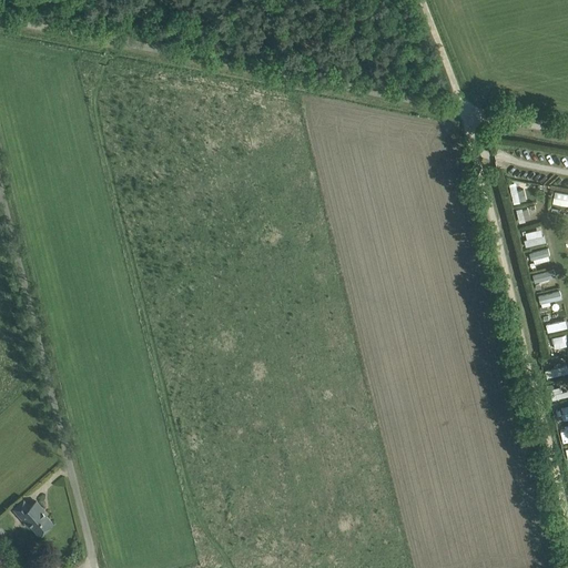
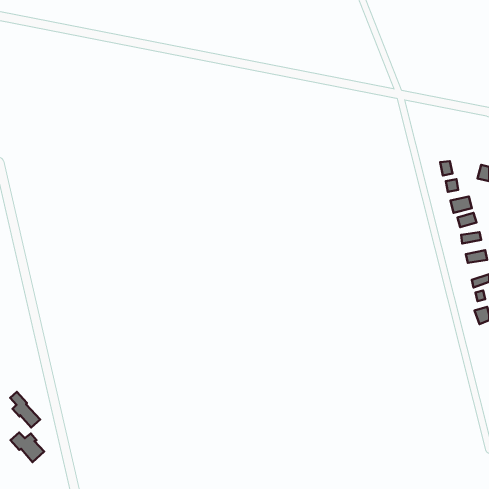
building: none -> [10,392,40,427]

